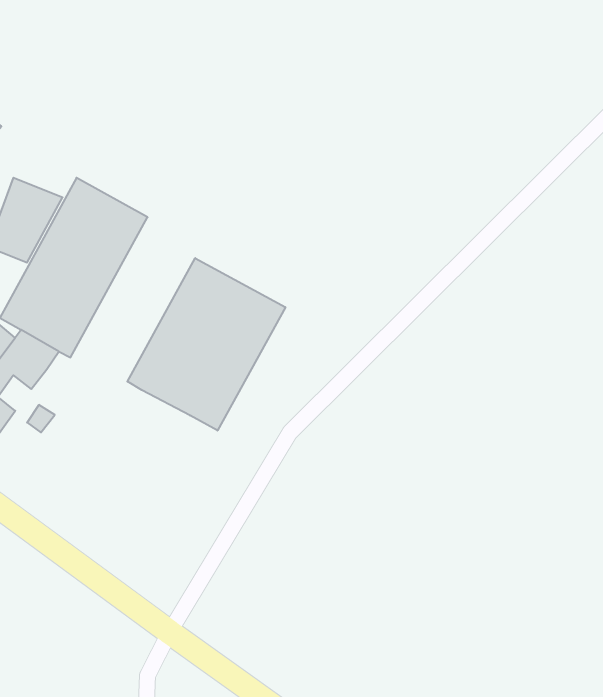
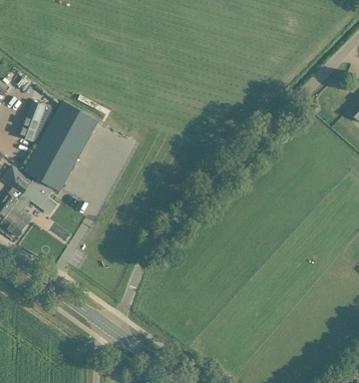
building: [127,258,285,431] -> none

